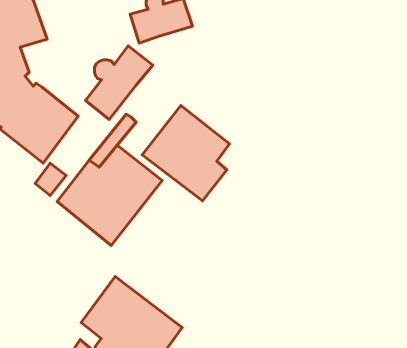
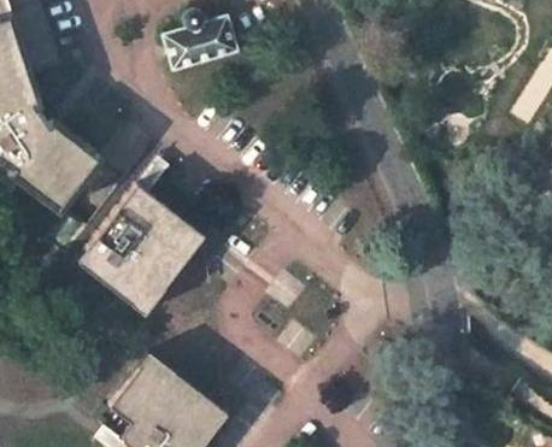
building: [85,46,153,120] -> none
building: [142,105,230,201] -> none

